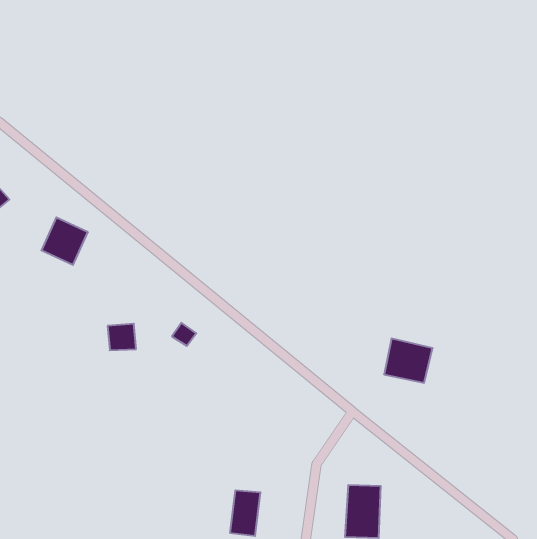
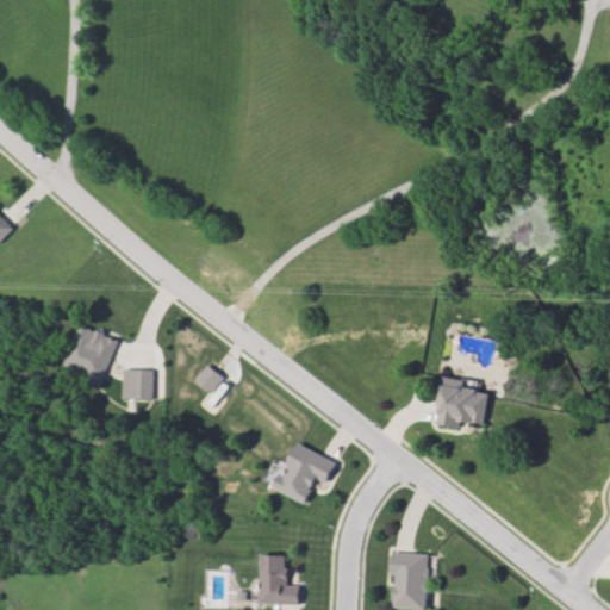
building: [41,217,88,265] -> [64,325,117,379]
building: none -> [273,443,334,508]

